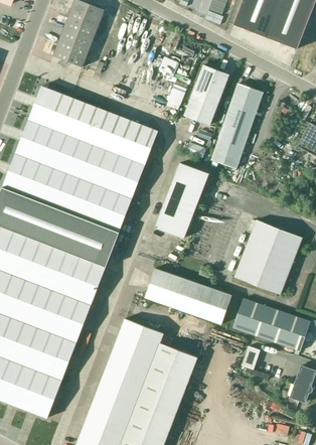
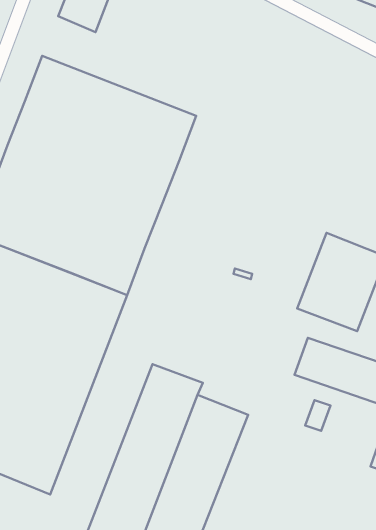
building: [183,64,228,125] -> none
building: [210,84,263,169] -> none
building: [155,163,208,238] -> none
building: [145,268,231,324] -> none

